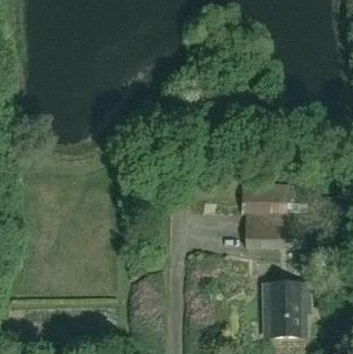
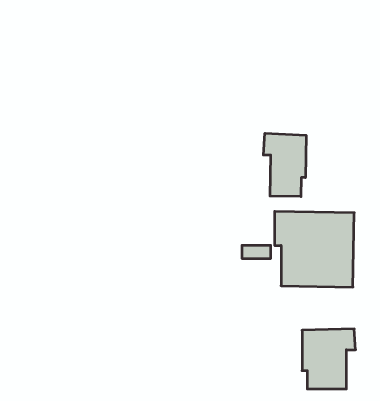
building: none -> [263,133,306,197]

